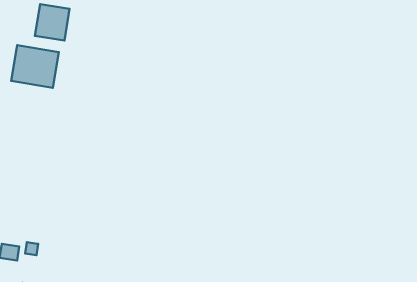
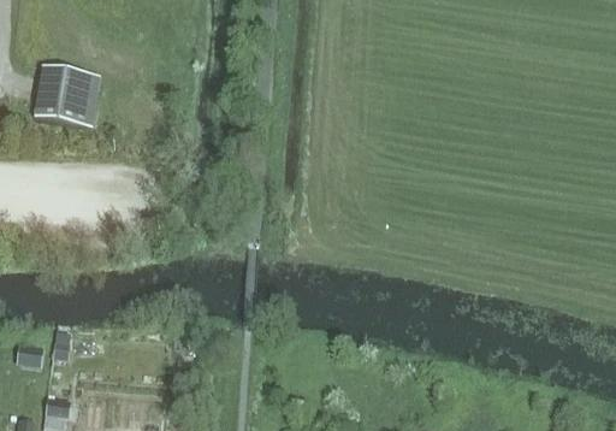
building: [35,4,70,41] -> none

